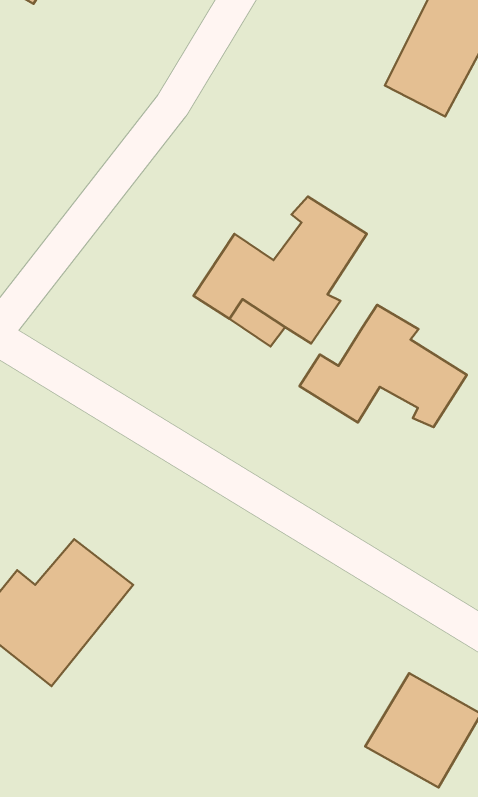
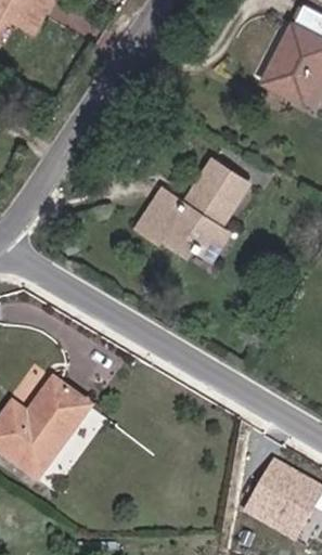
building: [299,305,467,427] -> none

